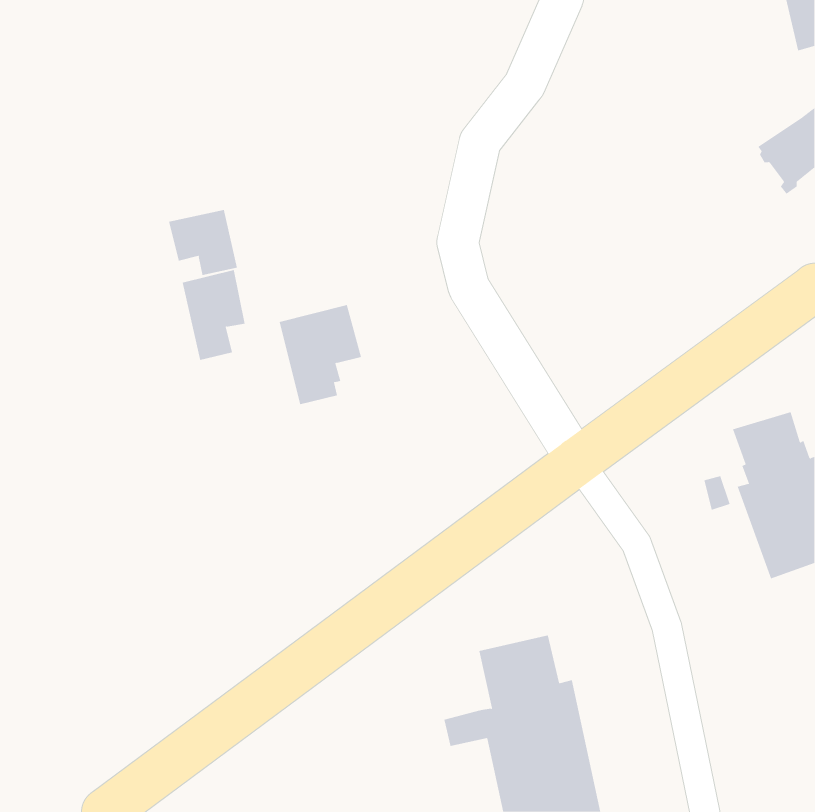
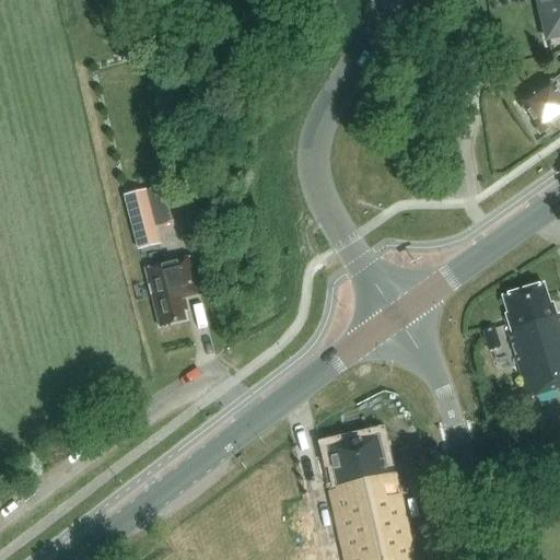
building: [168,209,238,276] -> none
building: [279,304,362,405] -> [144,256,201,325]

